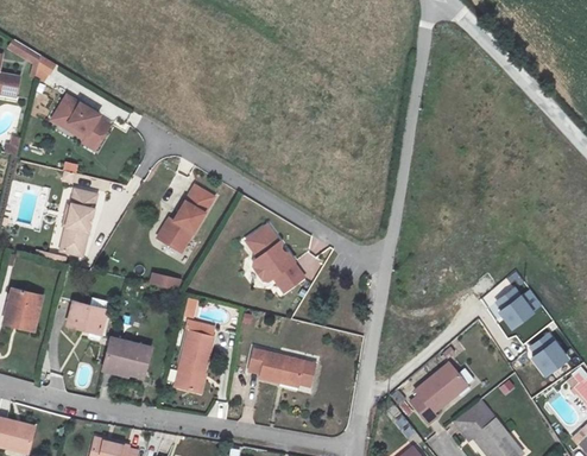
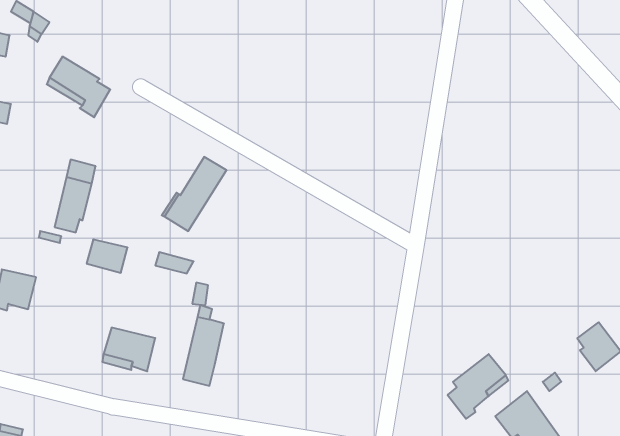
building: [246,224,304,292] -> none
building: [497,289,541,330] -> none
building: [70,300,107,330] -> [87,240,128,273]
building: [247,346,316,379] -> none

